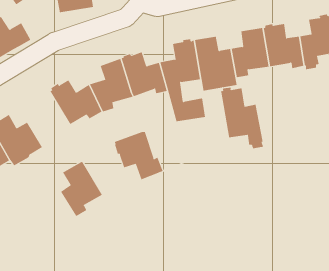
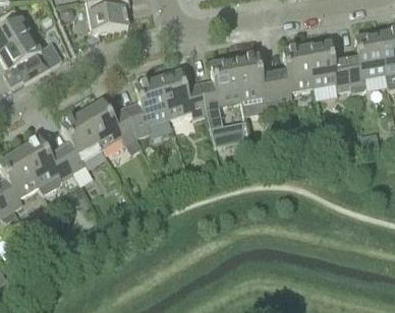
building: [221,87,264,149] -> none
building: [114,131,187,180] -> none
building: [60,161,103,217] -> [59,115,104,174]

